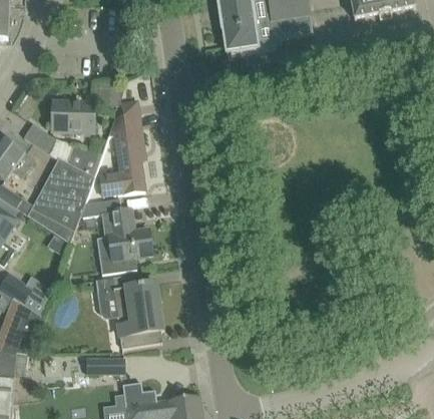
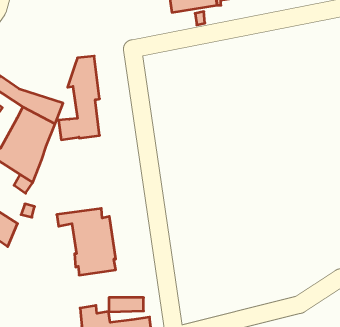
building: [51,83,123,131] -> none
building: [78,197,150,274] -> none
building: [85,359,124,375] -> [109,298,144,312]

